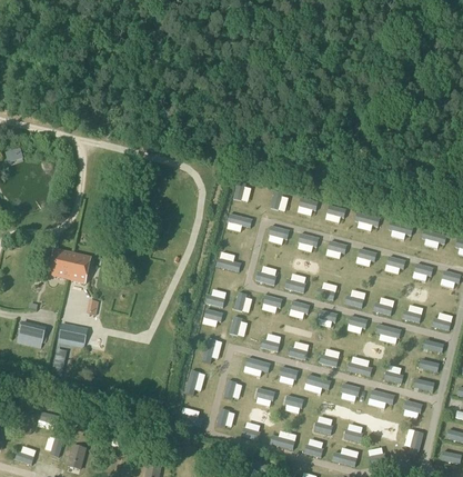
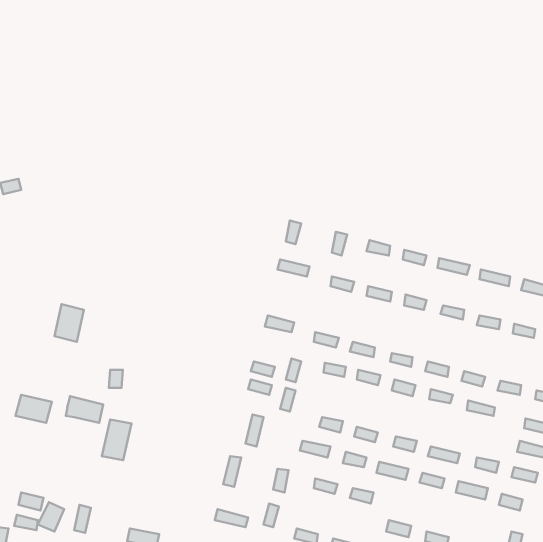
building: [67,252,91,282] -> none
building: none -> [102,420,132,460]

